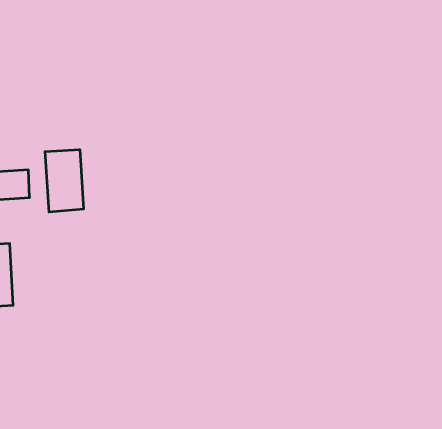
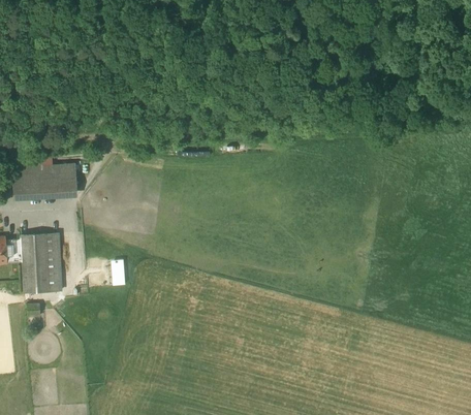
building: [45,150,83,212] -> none

